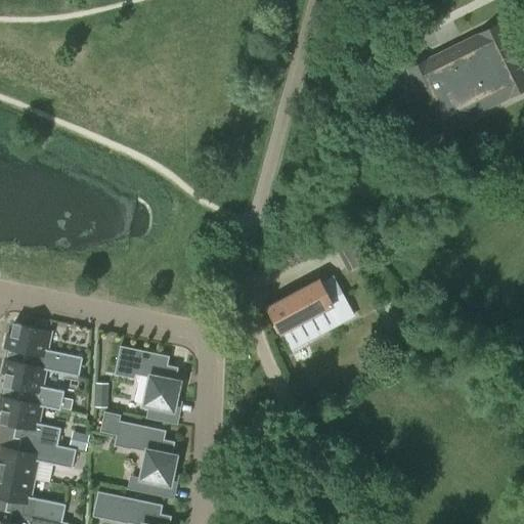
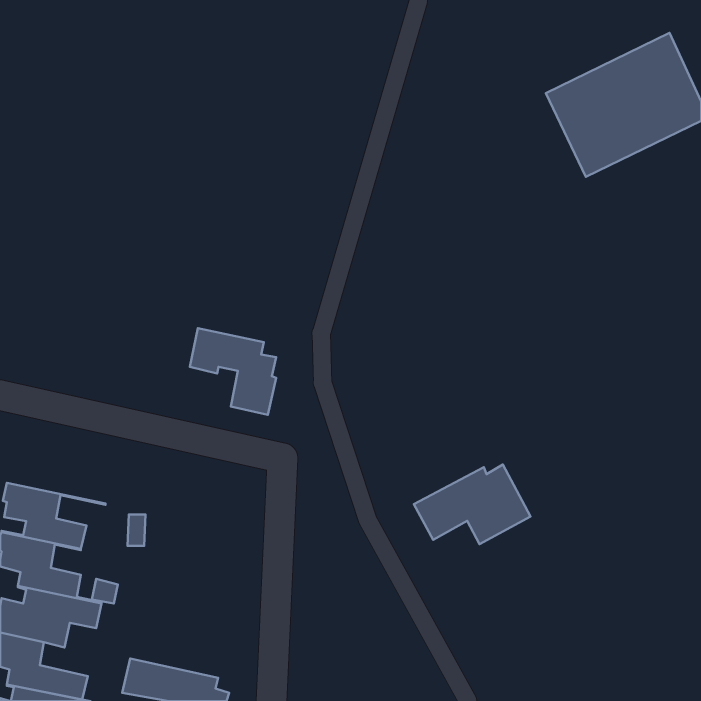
building: [266,278,353,338] -> [414,465,530,544]
building: [4,323,83,376] -> none
building: [114,346,178,410] -> [190,328,276,415]
building: [99,411,175,485] -> none

